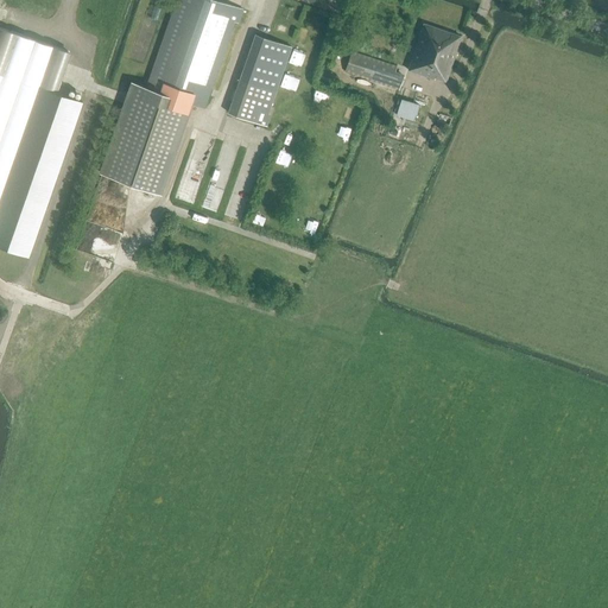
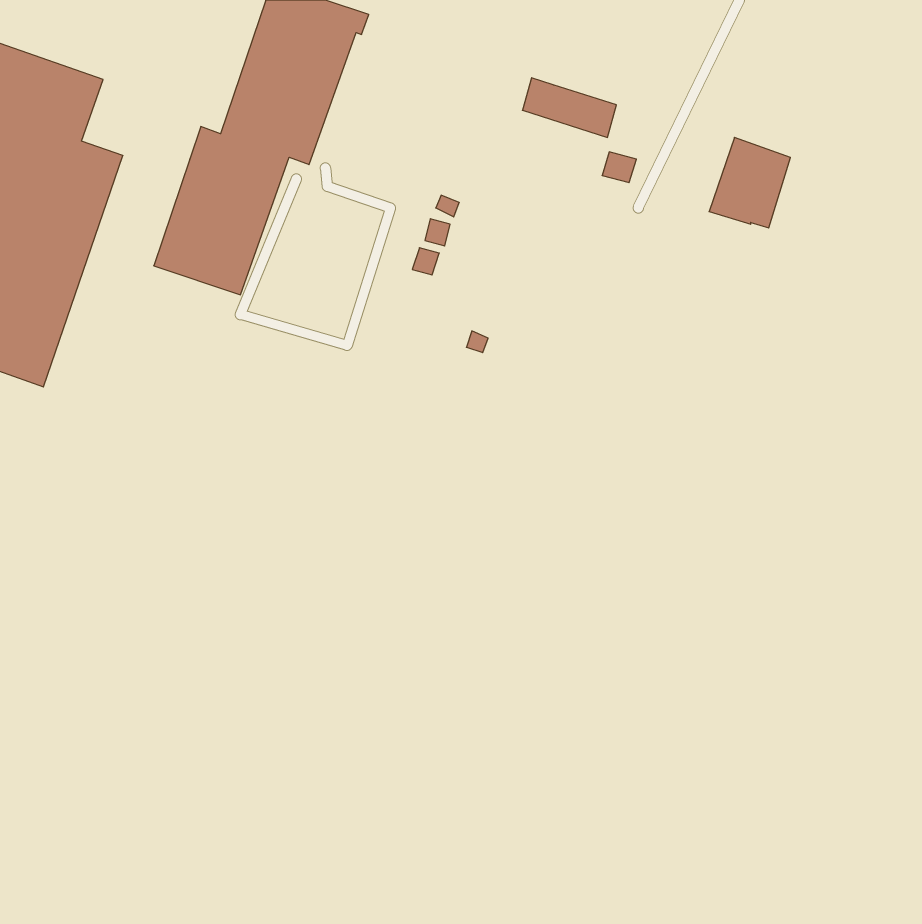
building: [406,23,460,82] -> [709,137,790,228]
building: [227,34,291,126] -> none

